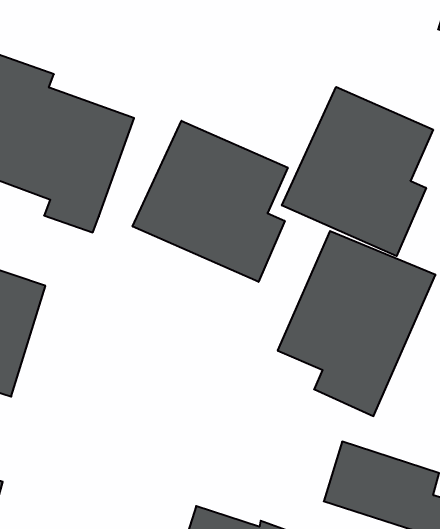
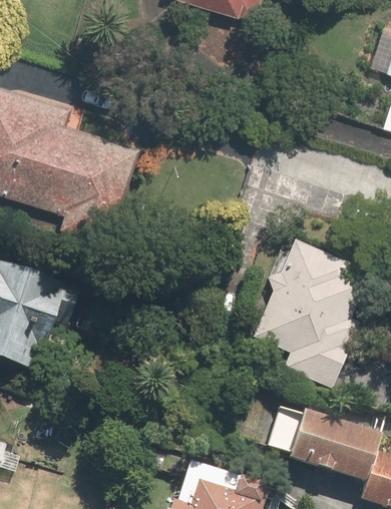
building: [282,87,433,256] -> none
building: [133,121,288,282] -> none

